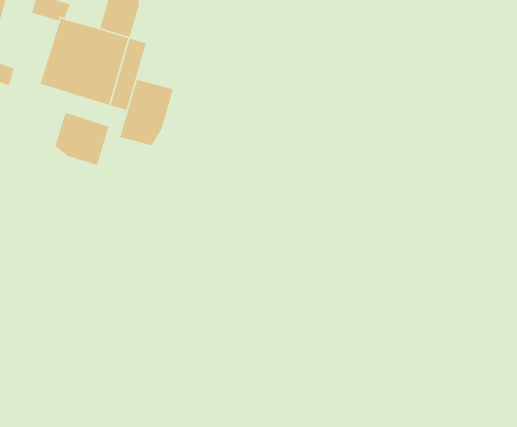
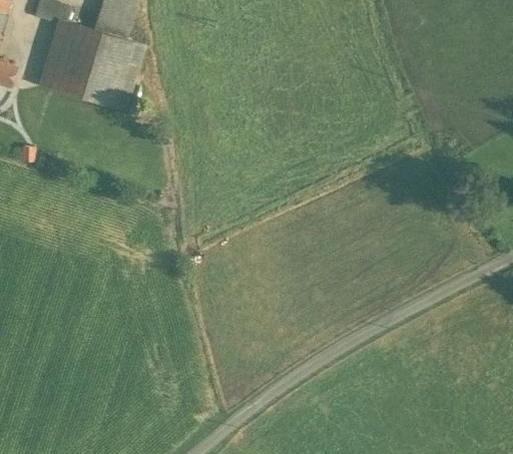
building: [119,79,174,146] -> none
building: [55,112,110,166] -> none

